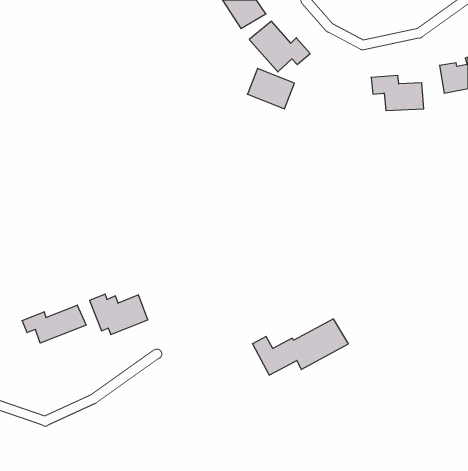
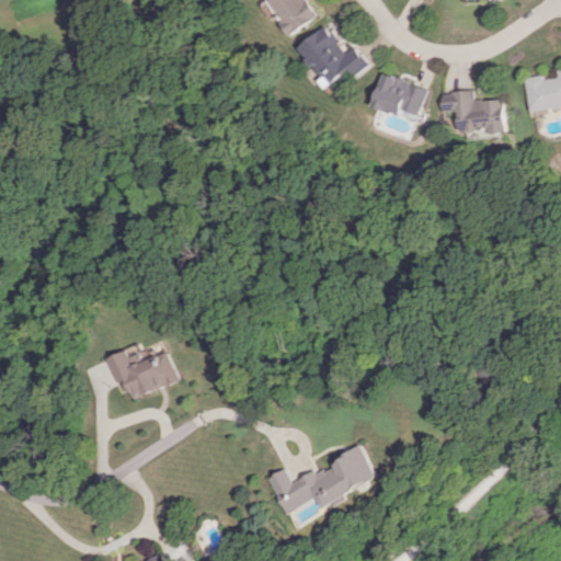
building: [247,68,294,109] -> [371,72,427,121]
building: [22,305,86,343] -> none
building: [252,319,348,375] -> [266,447,380,514]

